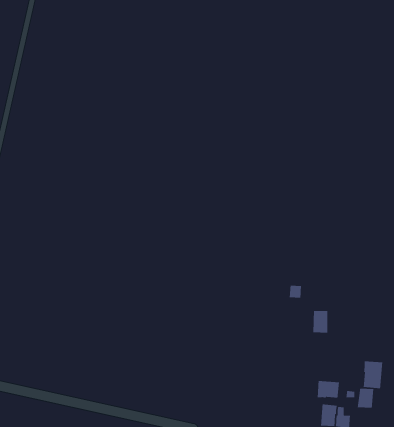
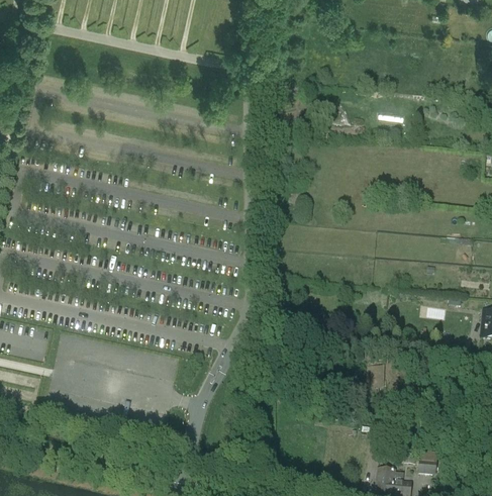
building: [363,361,383,389] -> none
building: [317,380,340,399] -> none

